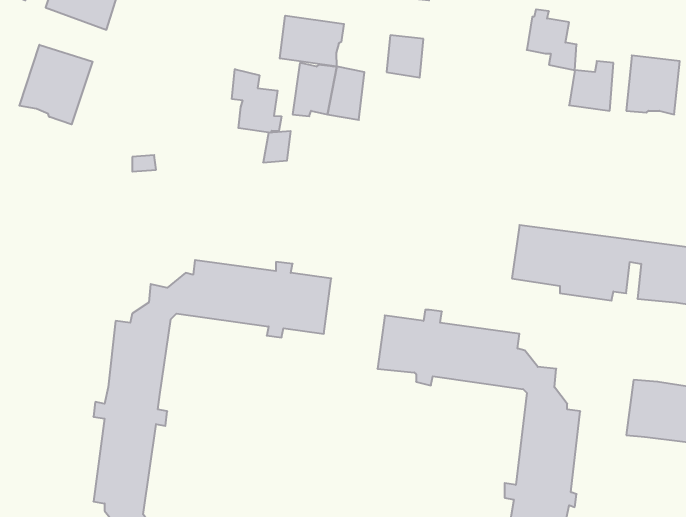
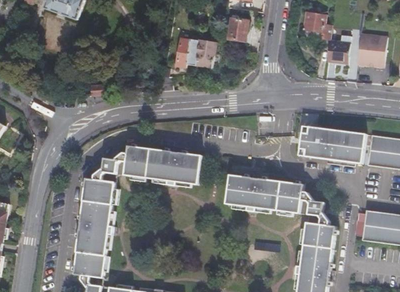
building: [280,16,344,67] -> none
building: [19,45,93,124] -> none
building: [232,69,281,133] -> none

